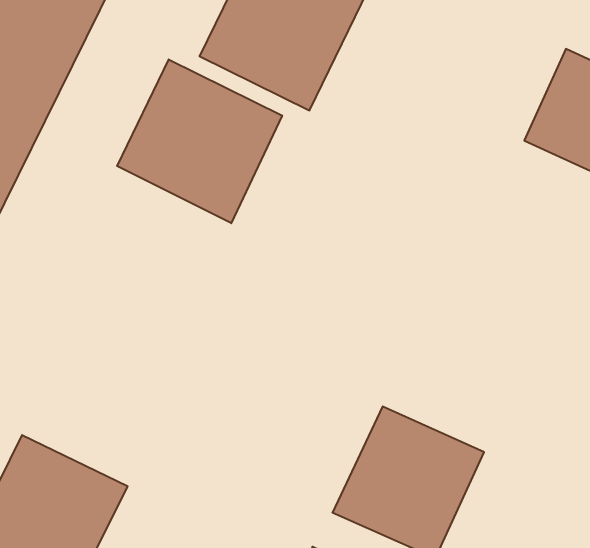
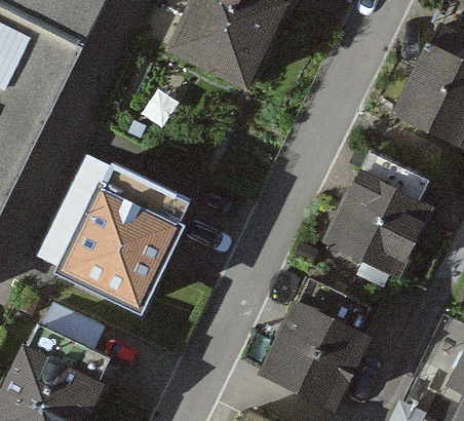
building: [117,59,282,223] -> none
building: none -> [66,166,190,306]
building: none -> [328,180,429,279]

